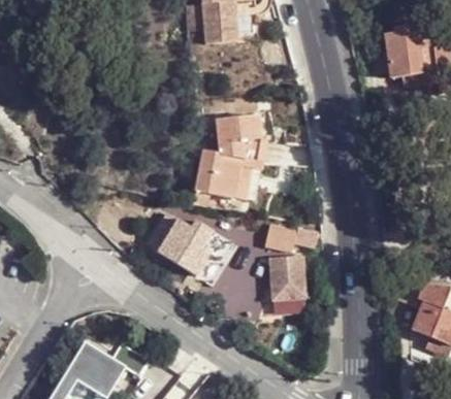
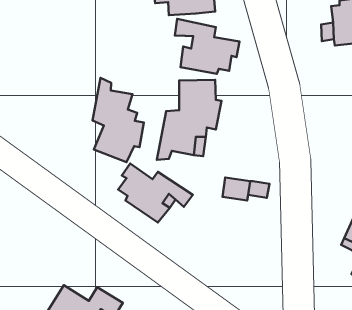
building: none -> [175,19,239,74]
building: none -> [92,78,144,162]
building: [270,256,305,301] -> none

